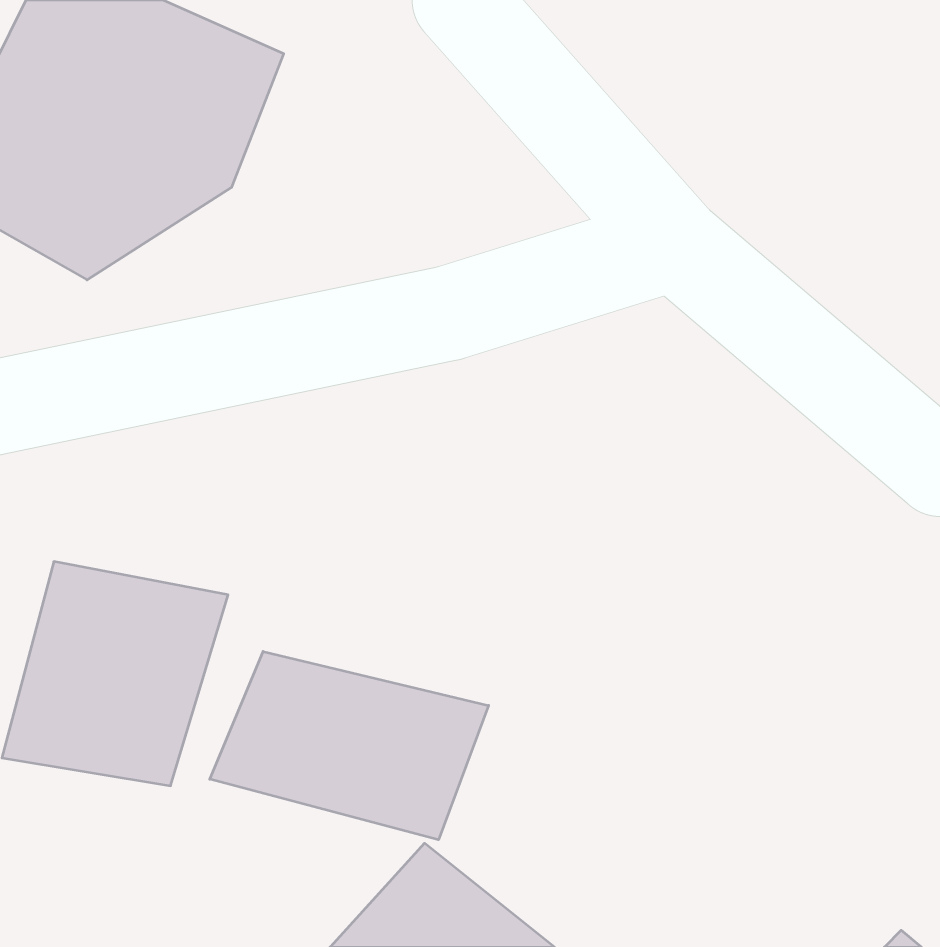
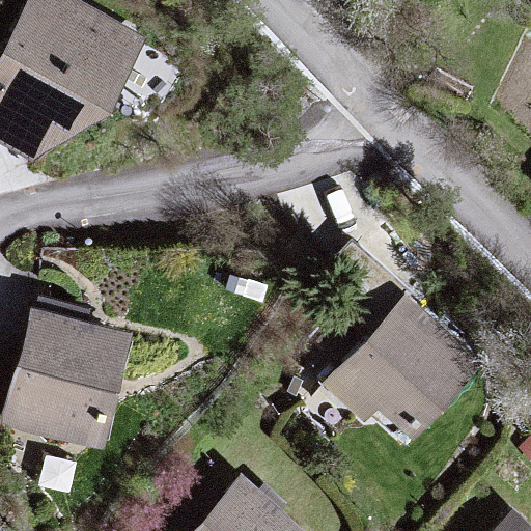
building: none -> [326,298,478,450]
building: [210,651,489,840] -> none

